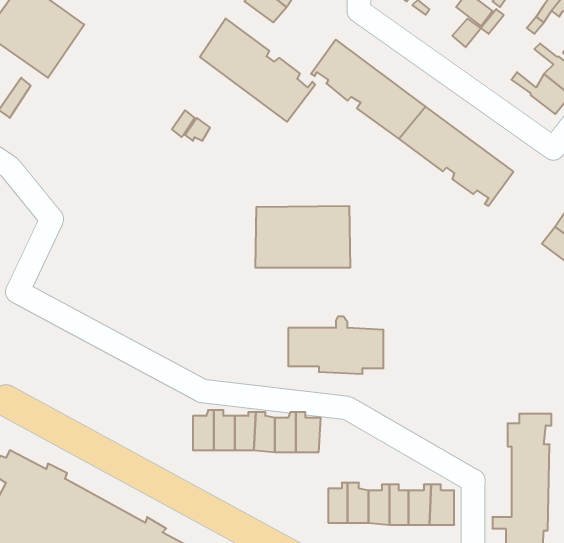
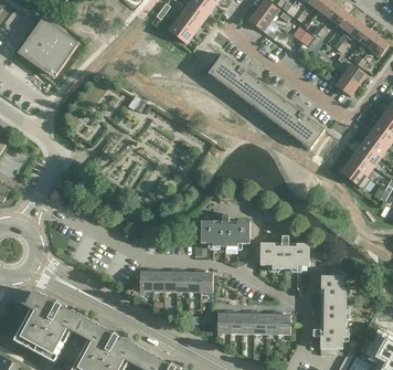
building: [200,18,315,122] -> none
building: [255,206,350,268] -> none
building: none -> [259,235,315,268]

